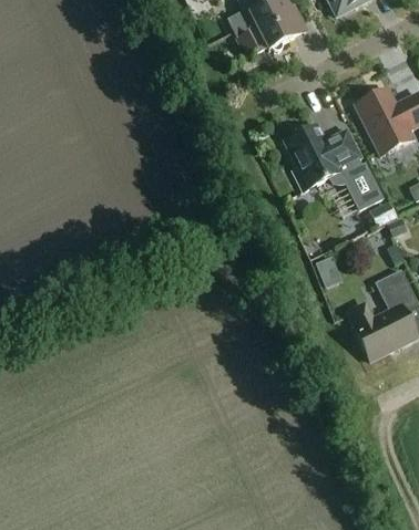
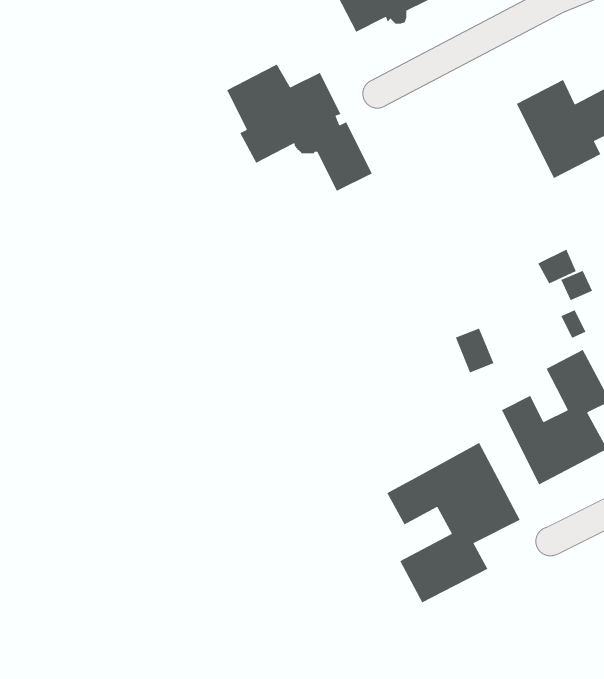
building: [283,123,381,209] -> [226,64,373,192]
building: none -> [386,442,521,603]

